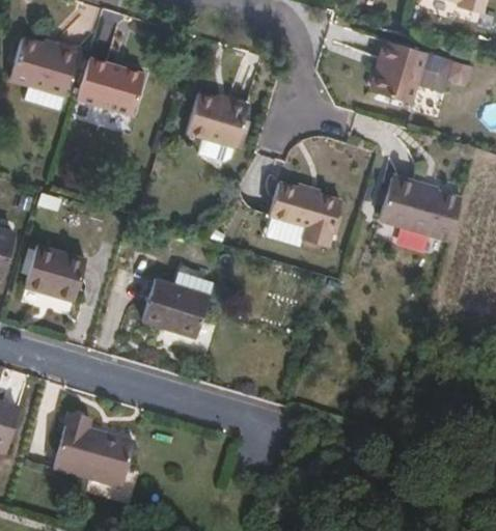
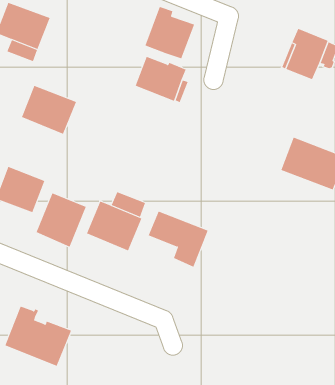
building: none -> [145,6,195,59]
building: [76,56,144,115] -> [21,85,77,134]
building: [269,183,345,250] -> [148,211,208,267]
building: none -> [36,192,87,247]

